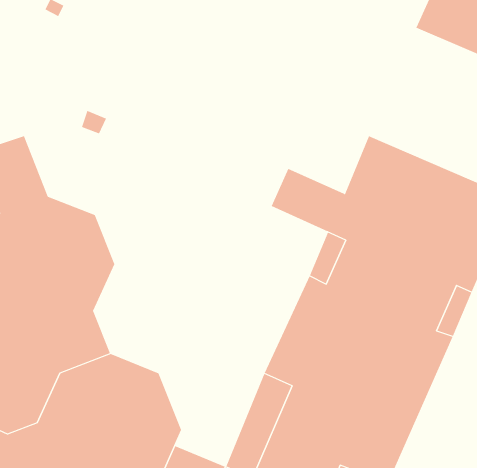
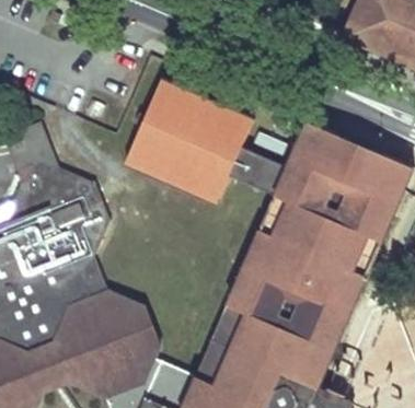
building: none -> [122,78,254,205]

